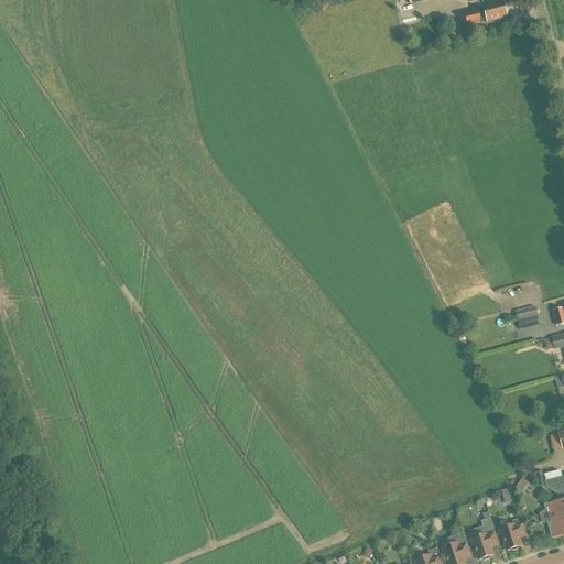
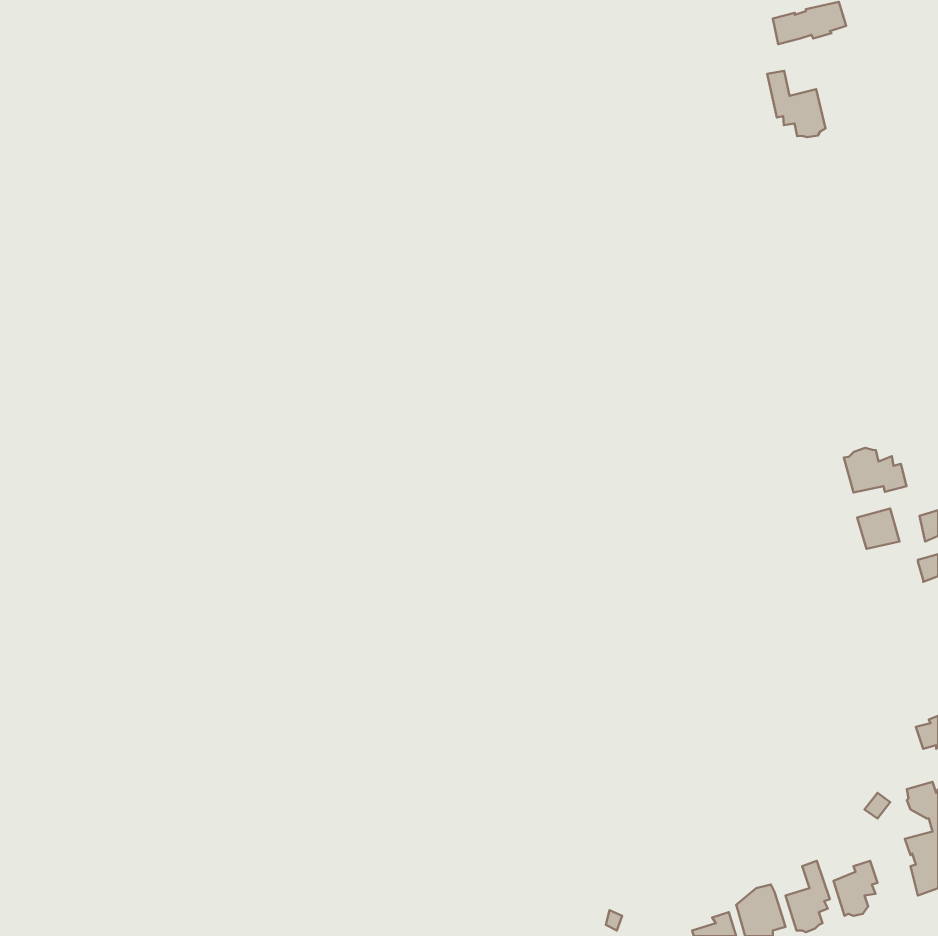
building: none -> [767,71,825,137]
building: none -> [844,448,906,492]

